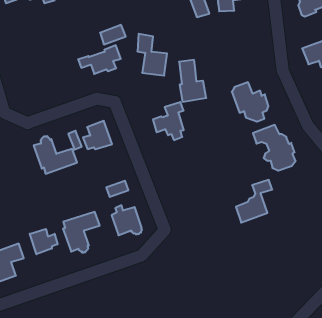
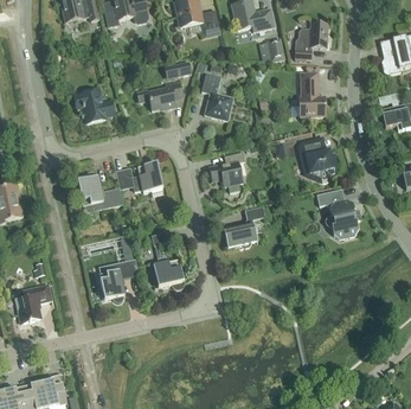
building: [179,60,206,102] -> [298,71,326,115]
building: none -> [73,88,115,122]
building: [236,180,272,223] -> [224,205,265,248]
building: [30,229,58,254] -> none

